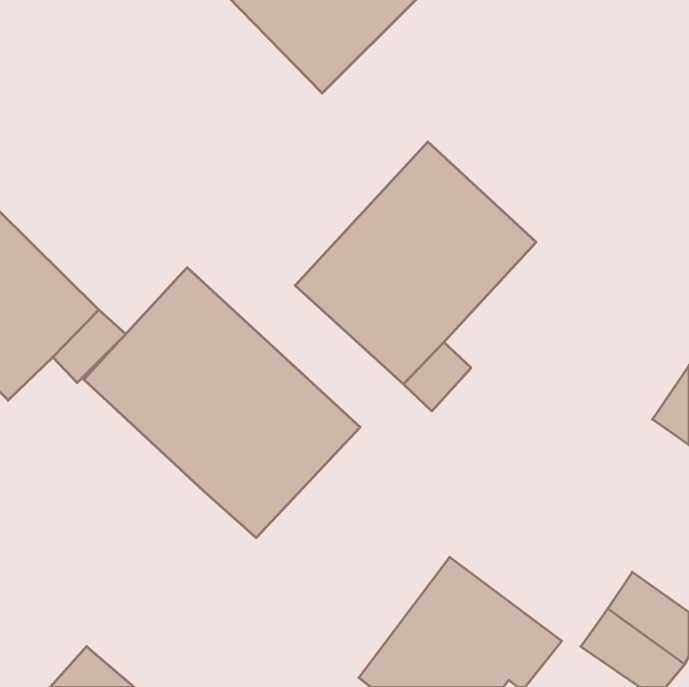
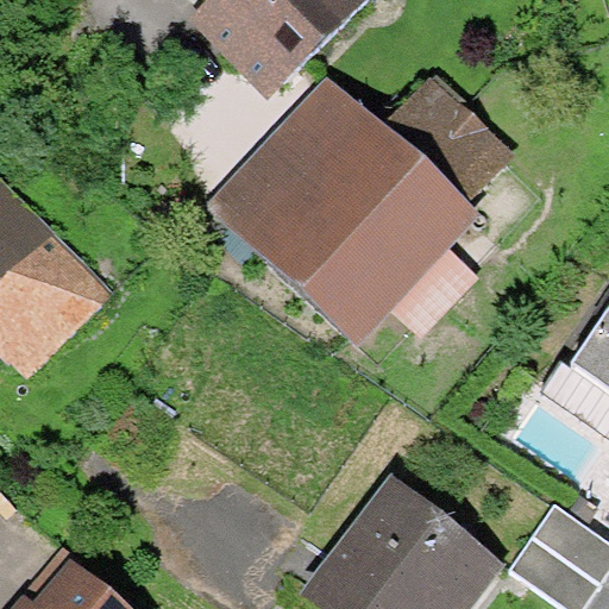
building: none -> [215,86,376,251]
building: [84,268,360,538] -> none

